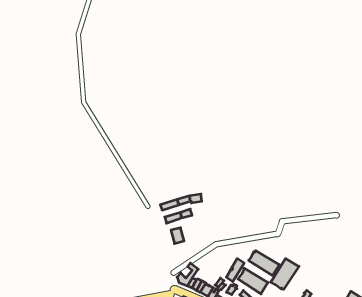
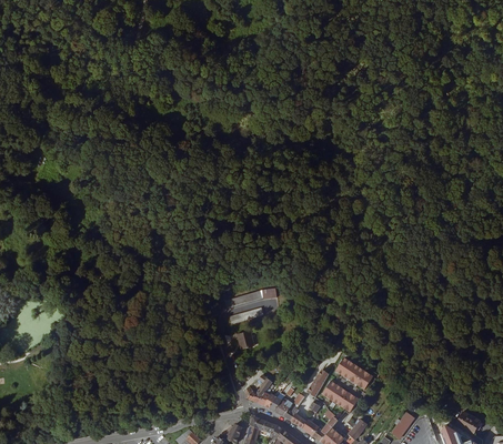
building: [271,259,299,289] -> none

